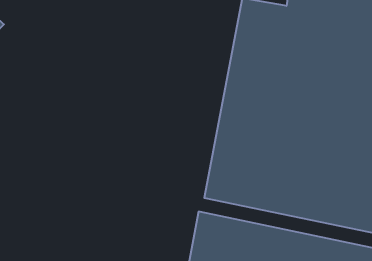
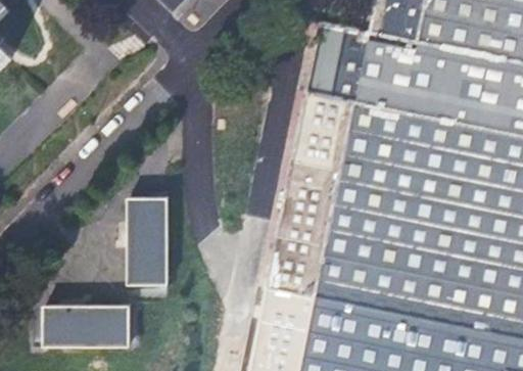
building: none -> [130,197,173,288]
building: none -> [45,306,133,345]

